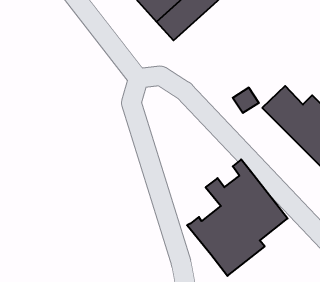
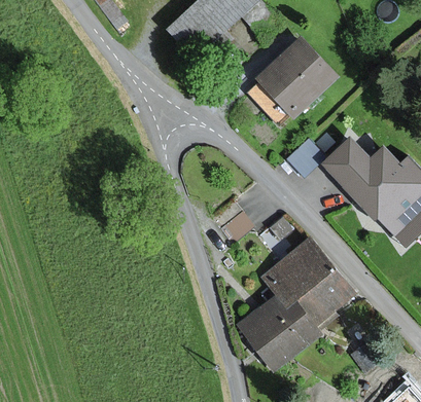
building: none -> [257,39,339,120]

